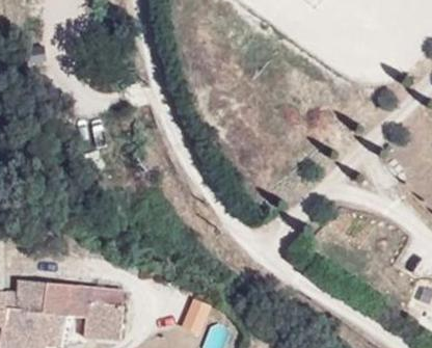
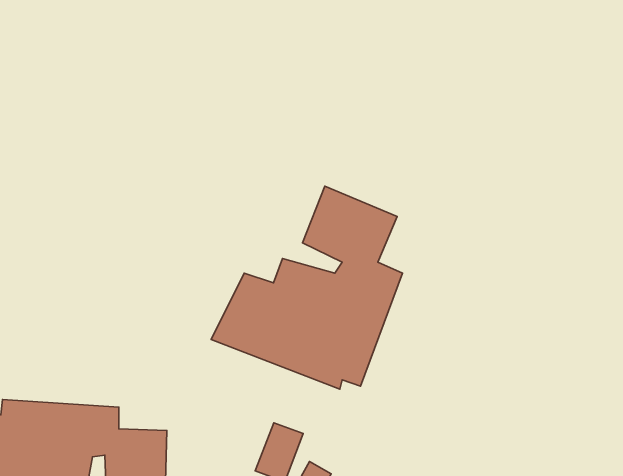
building: none -> [211,186,402,389]

